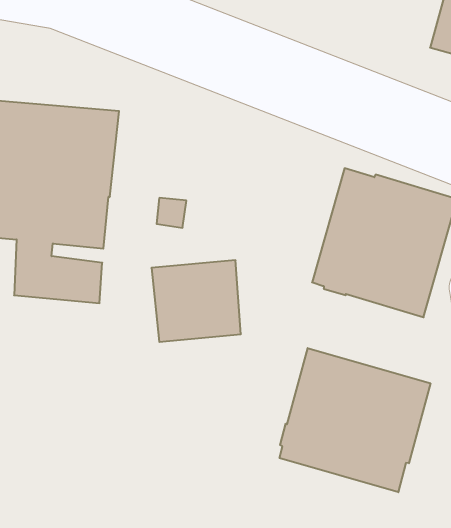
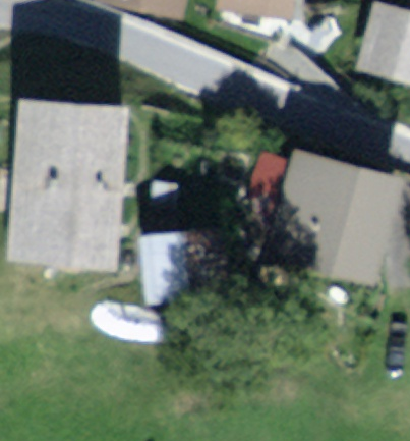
building: [280,348,430,492] -> none

